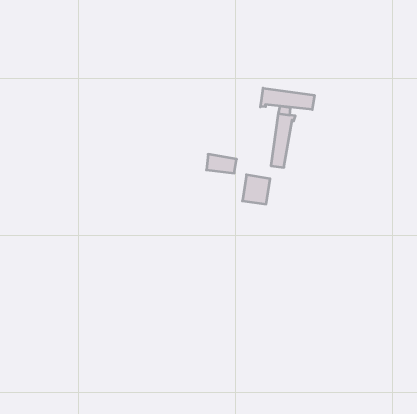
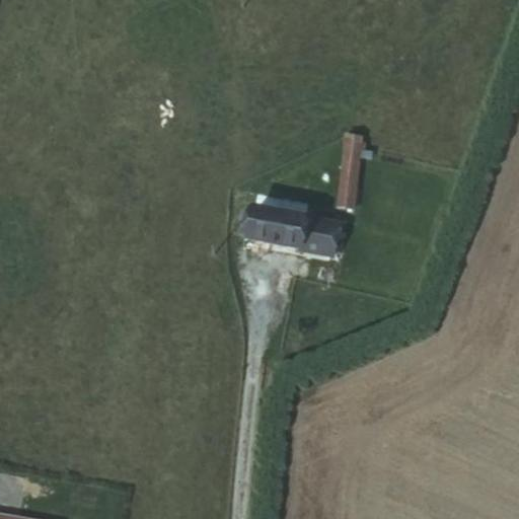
building: [260,88,314,110] -> none
building: none -> [250,211,306,249]

